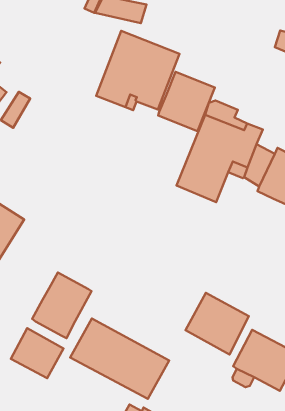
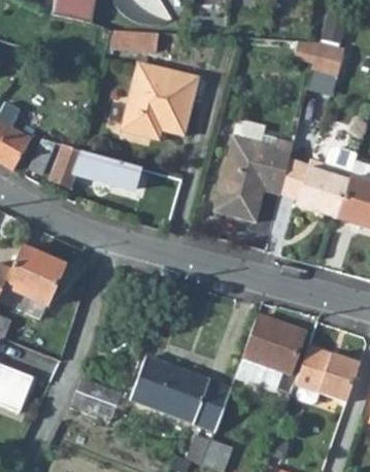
building: [158,72,215,131] -> none
building: none -> [48,144,138,189]
building: [32,273,91,338] -> none

